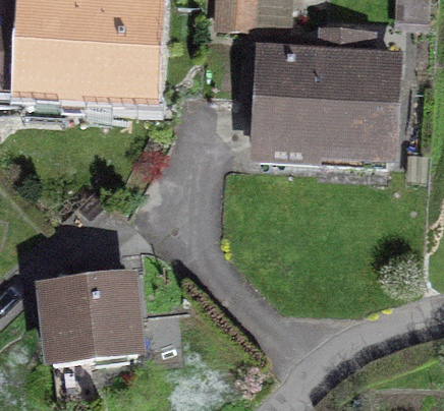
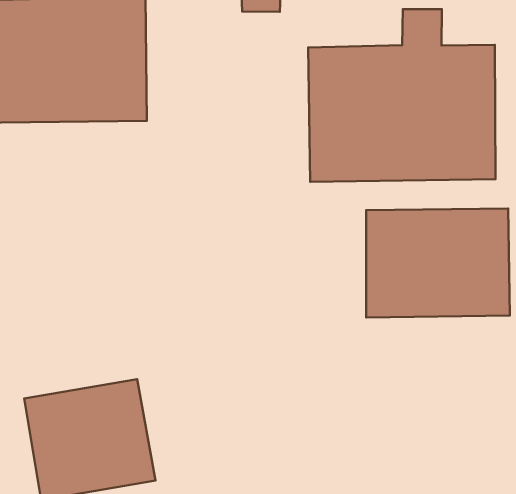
building: none -> [366,208,510,317]

